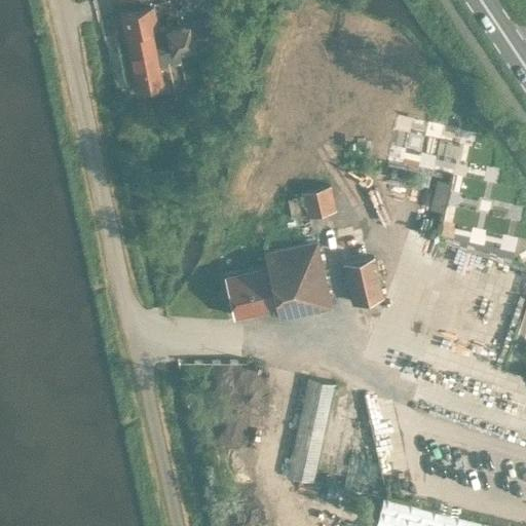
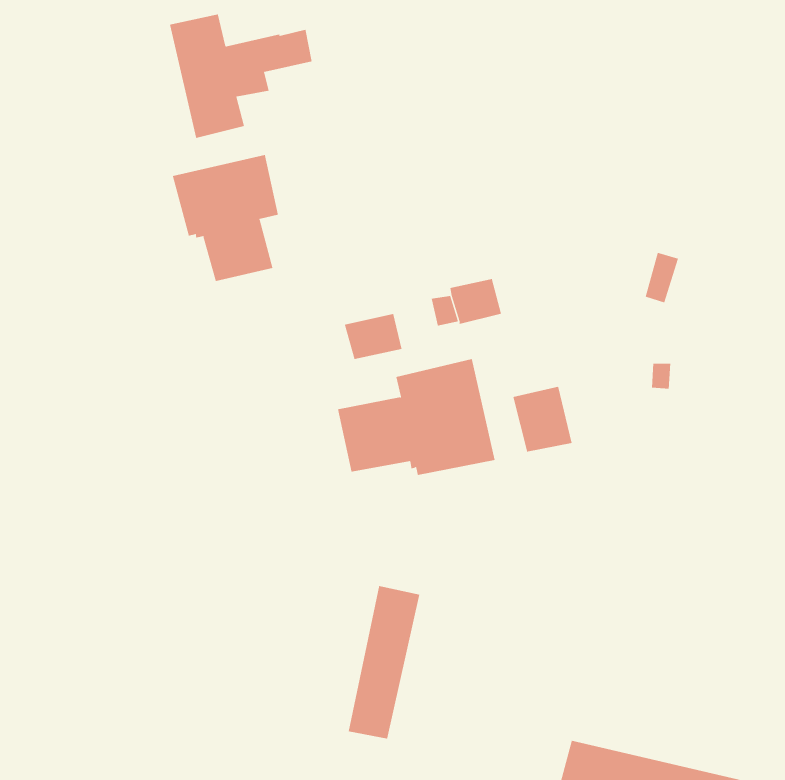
building: none -> [172,154,278,282]
building: none -> [344,313,402,360]
building: [288,382,336,485] -> [348,585,420,739]

